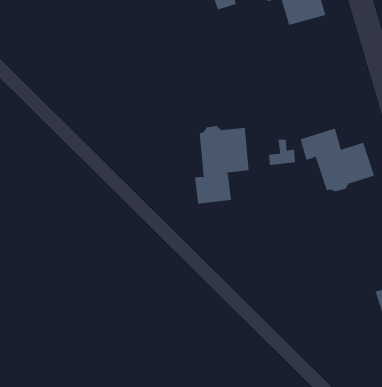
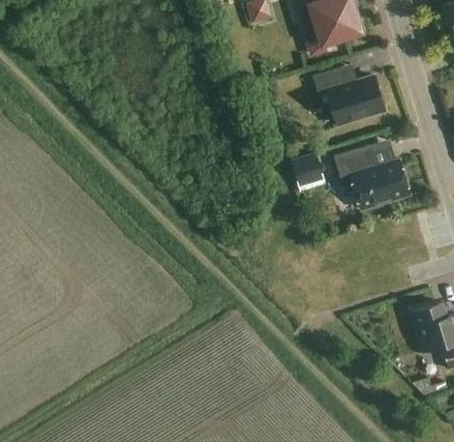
building: none -> [313,63,384,122]
building: [195,125,249,204] -> none

